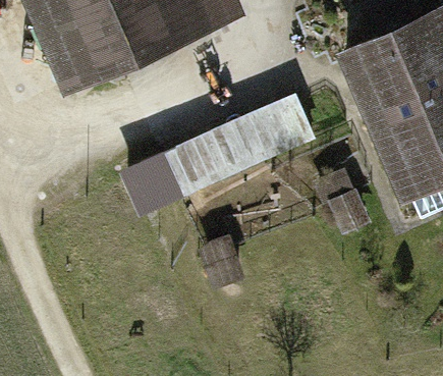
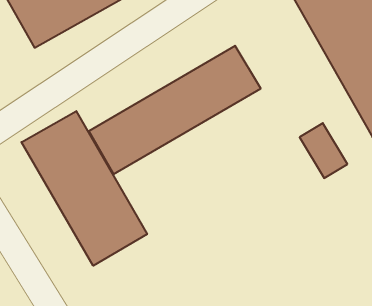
building: none -> [21,111,147,266]

